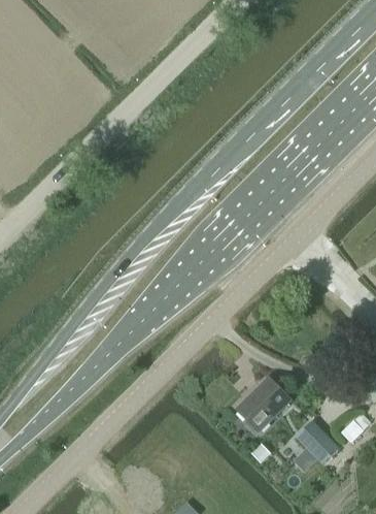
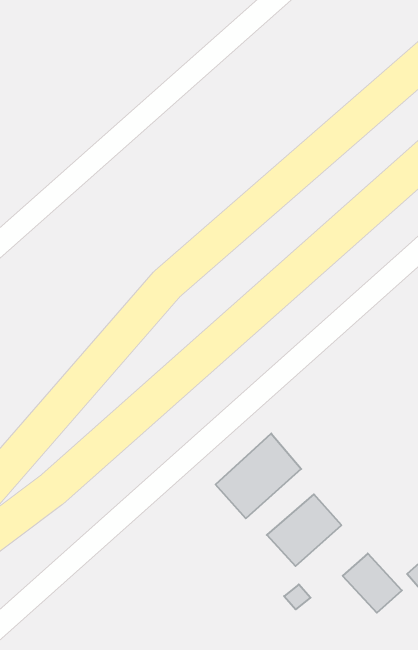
building: none -> [216,433,301,518]

